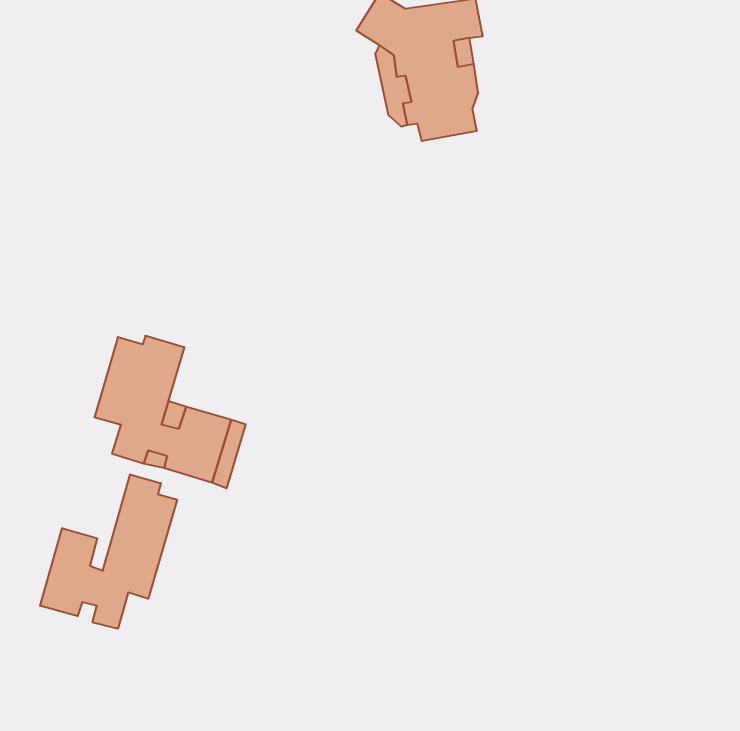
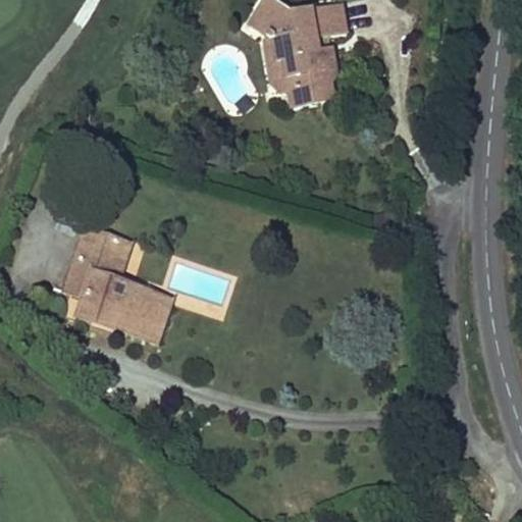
building: [40,474,177,629] -> none

